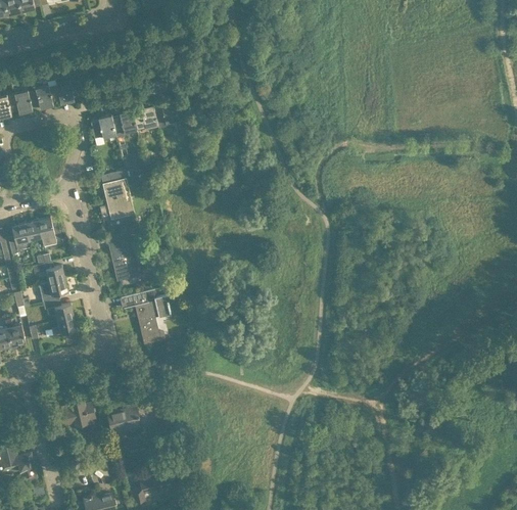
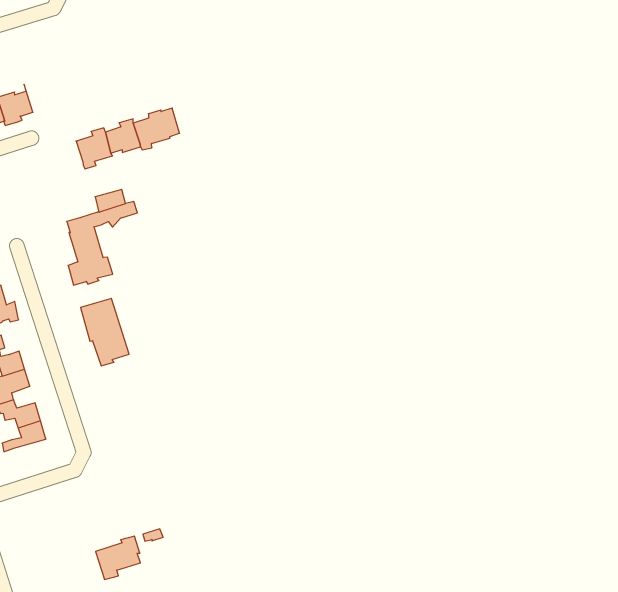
building: [91,114,115,138] -> none
building: [121,291,171,343] -> none
building: [55,399,95,426] -> none

